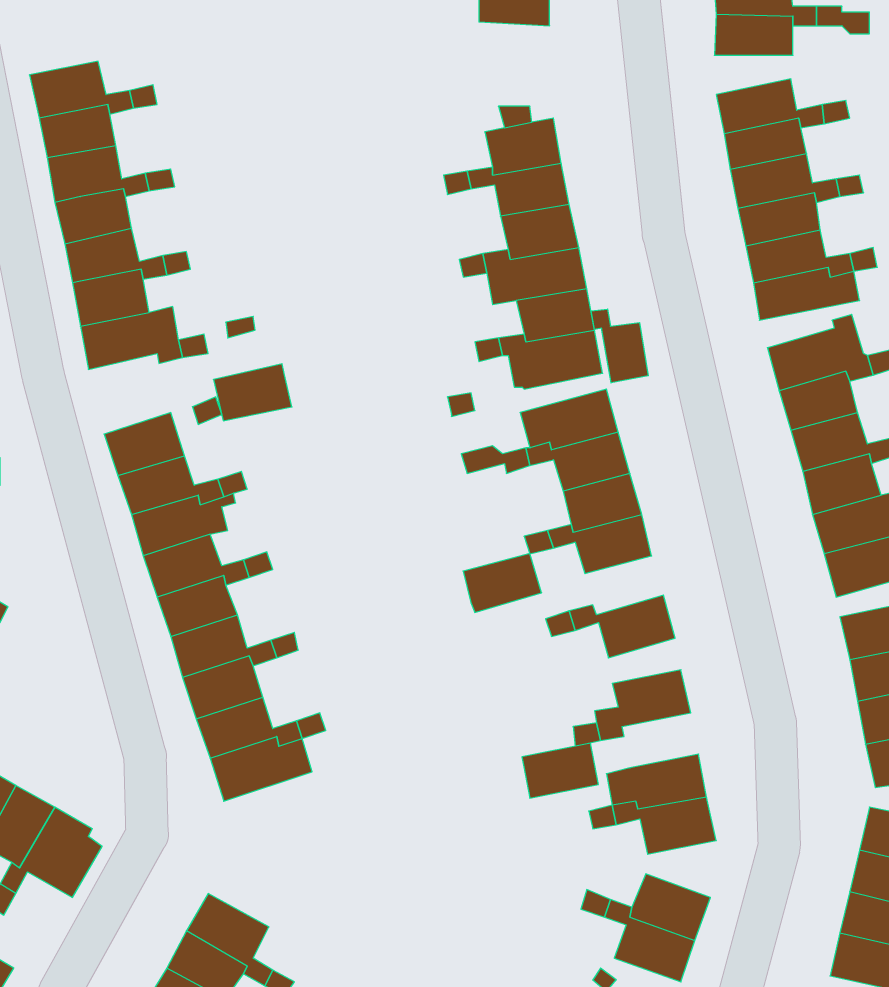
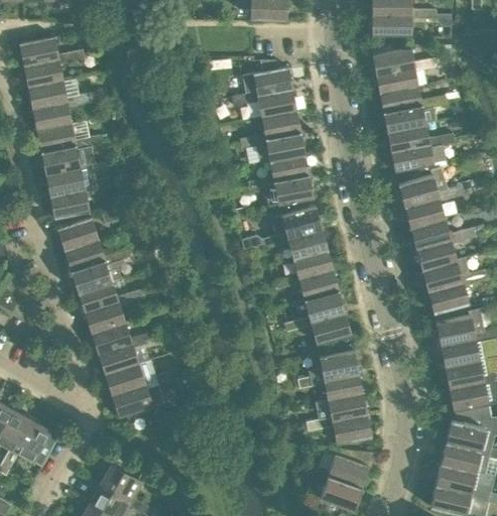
building: [591,309,648,383] -> none
building: [213,364,292,421] -> [49,187,90,217]
building: [463,553,542,612] -> [304,291,345,321]
building: [522,743,598,798] -> [324,372,363,400]

